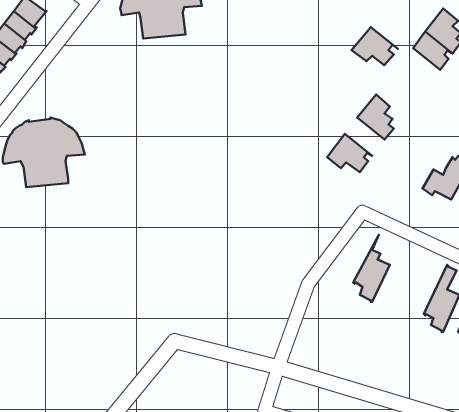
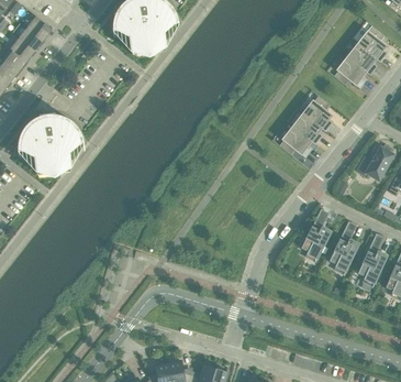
building: [352,27,398,65] -> [333,57,370,88]
building: none -> [293,113,325,144]
building: none -> [328,220,358,274]

